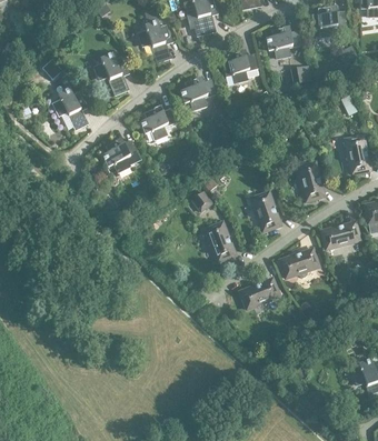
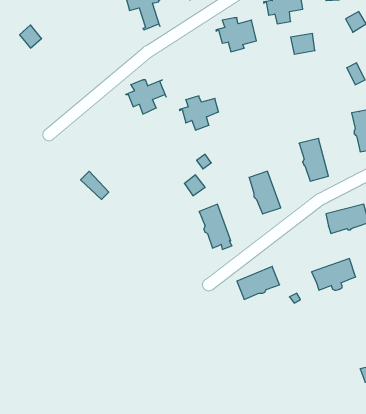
building: [93,51,127,96] -> none
building: [178,79,213,110] -> [180,96,219,130]
building: [52,87,88,129] -> none
building: [100,140,137,172] -> none
building: [278,249,318,278] -> [312,259,356,290]

